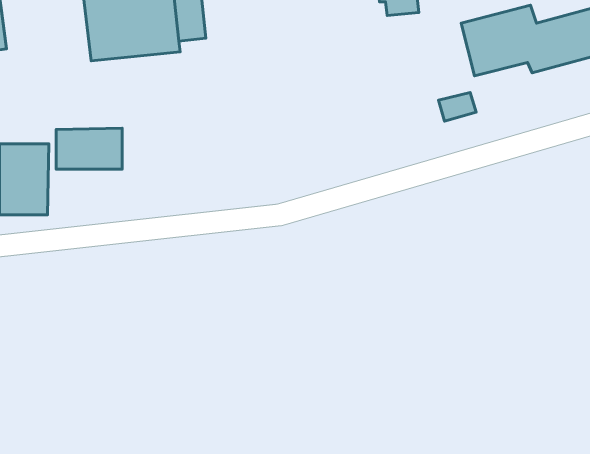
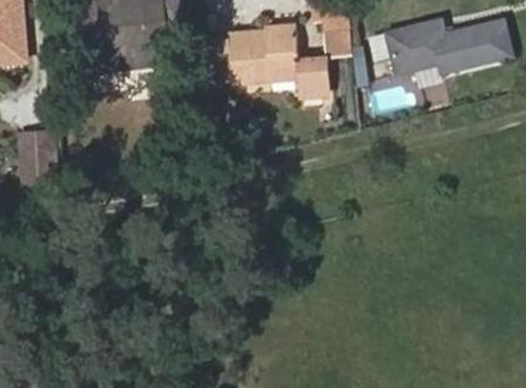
building: none -> [228,30,325,97]
building: [56,128,122,169] -> none

